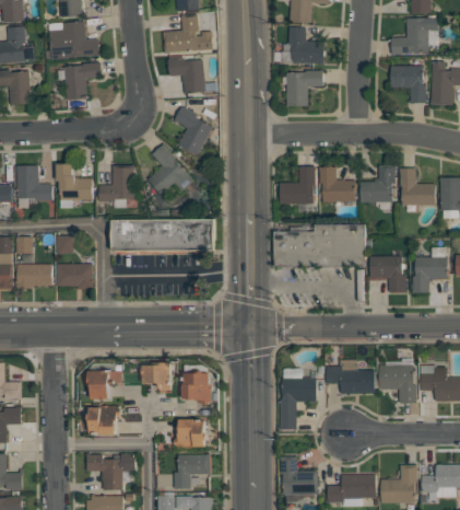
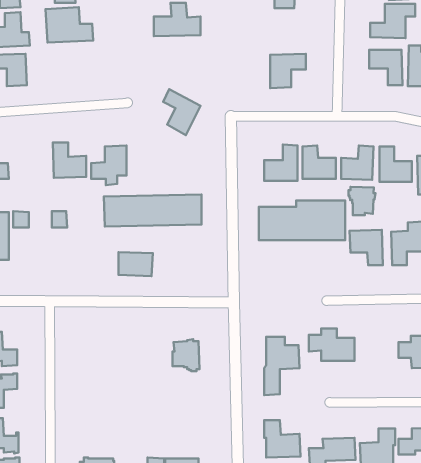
building: [282,27,325,63] -> none
building: [168,58,205,93] -> none
building: [64,63,101,100] -> none
building: [148,143,191,199] -> none
building: [16,165,52,204] -> none
building: none -> [349,187,375,215]
building: [57,263,93,288] -> [118,252,153,276]
building: [17,264,52,287] -> none
building: [143,362,170,392] -> none
building: [379,364,416,403] -> none
building: [90,369,121,398] -> none
building: [89,406,121,434] -> none
building: [174,419,205,448] -> none
building: [86,453,137,489] -> none
building: [174,453,210,488] -> none

